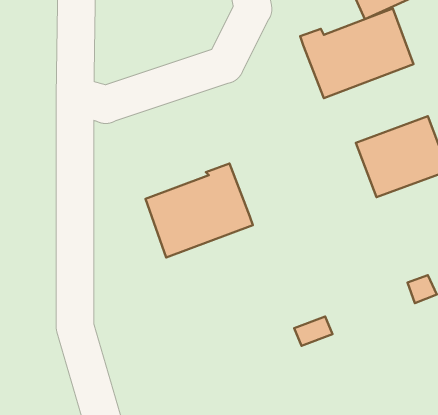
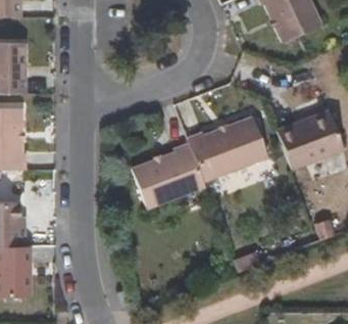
building: [300,8,414,98] -> [188,119,266,181]

